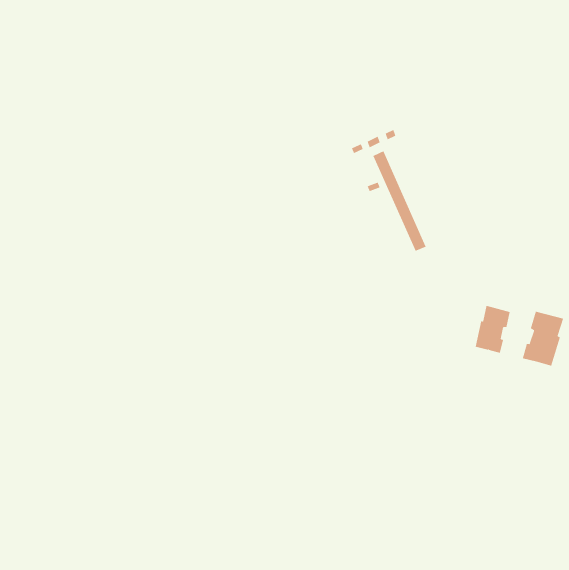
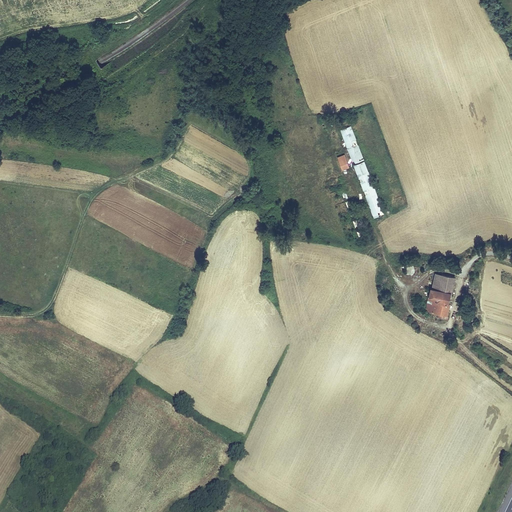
building: [522,311,564,366] -> none

